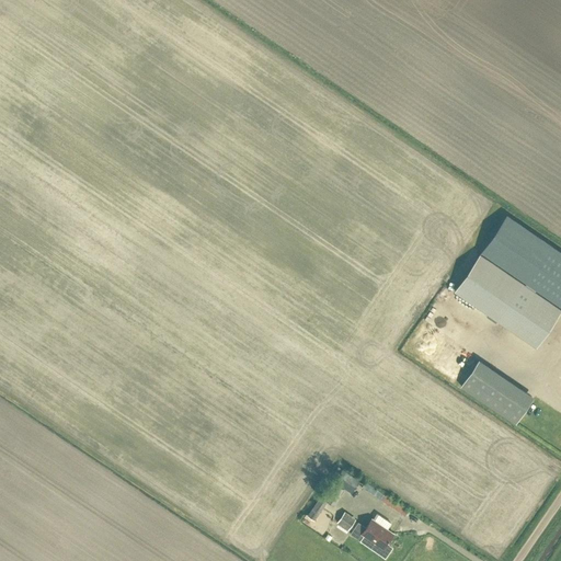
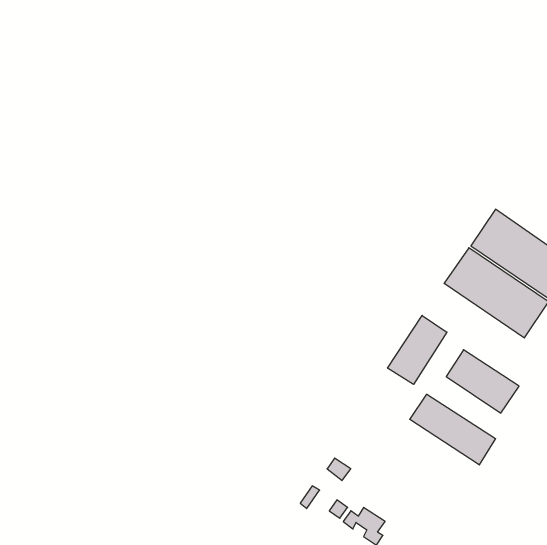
building: none -> [388,315,447,384]
building: none -> [410,394,496,465]

